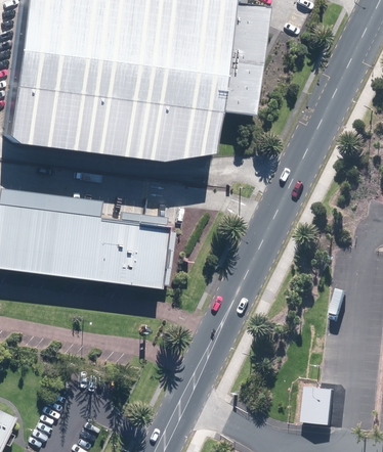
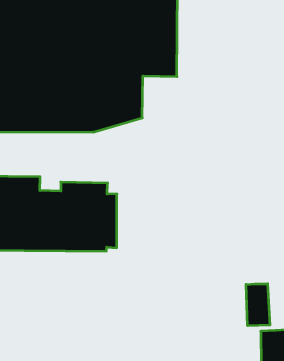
building: none -> [246,284,270,326]

